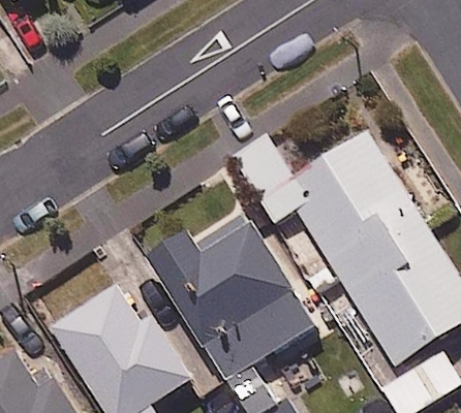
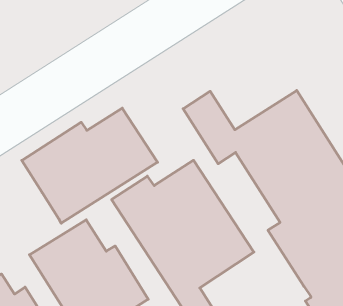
building: none -> [22,108,158,223]

